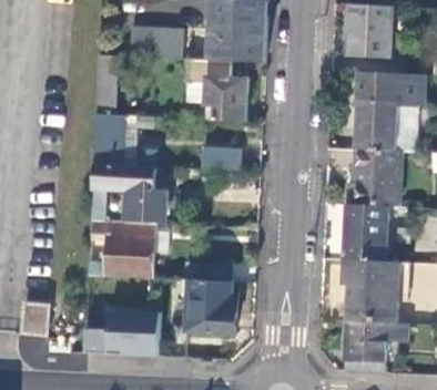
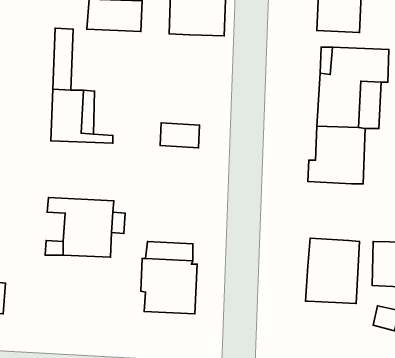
building: [184,58,247,121] -> none
building: [91,164,166,223] -> none
building: [344,204,389,261] -> none
building: [84,310,159,356] -> none
building: [343,321,408,372] -> none

